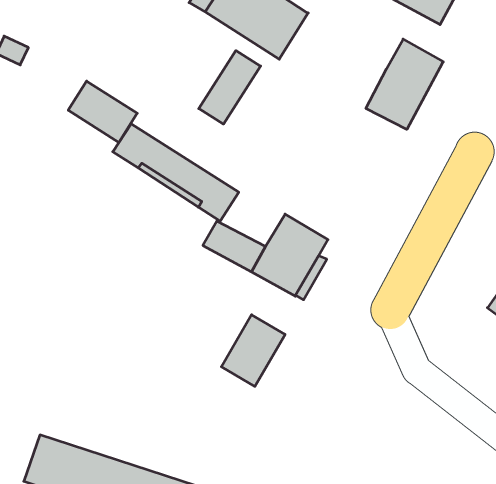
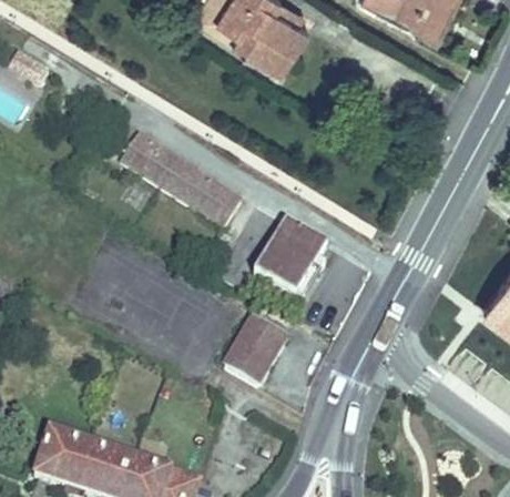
building: [366,39,443,129] -> none
building: [199,51,261,124] -> none
building: [68,81,137,142] -> none

